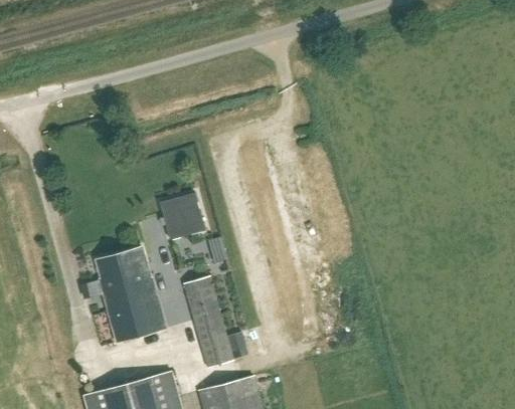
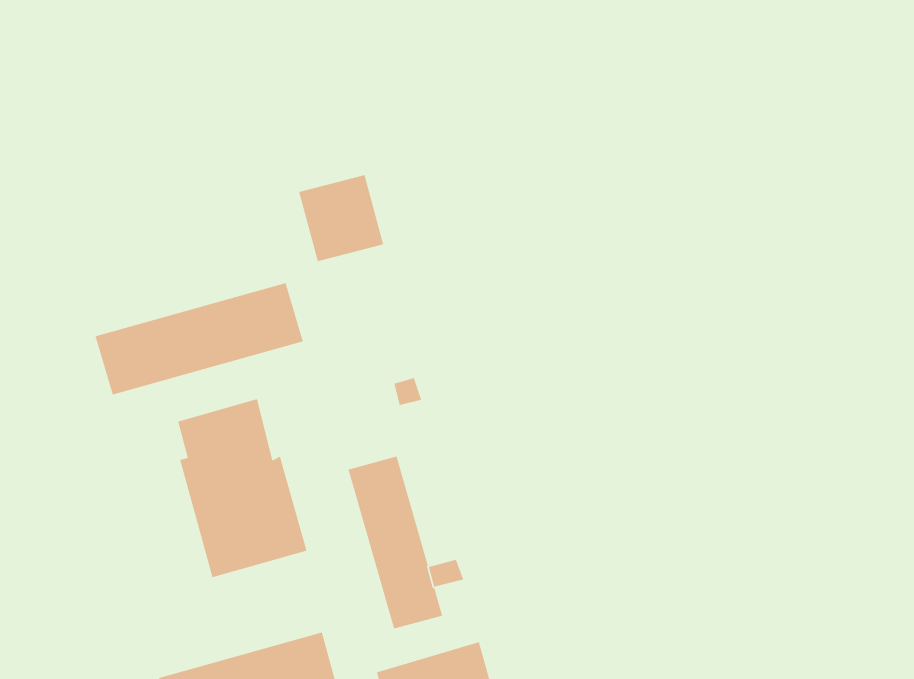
building: none -> [94,282,304,396]
building: [162,192,207,238] -> [298,174,384,262]

